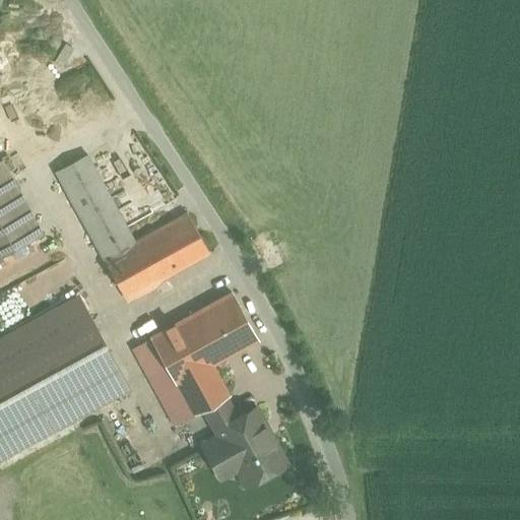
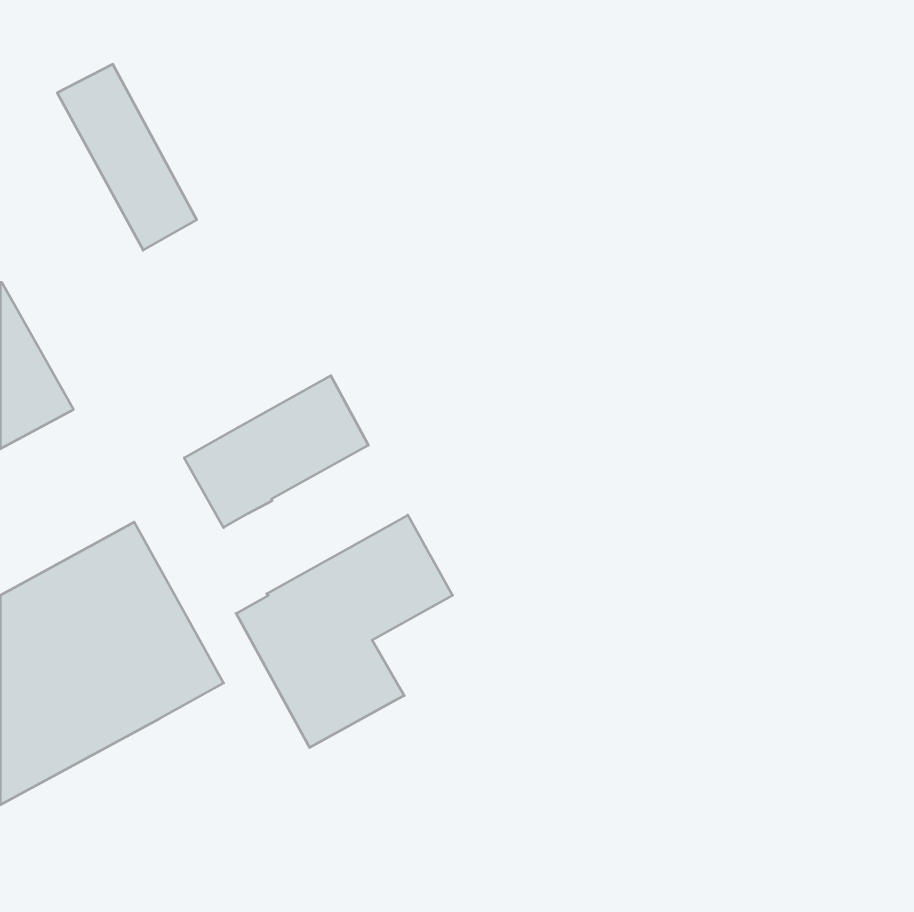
building: [56,155,135,261] -> [57,64,197,250]
building: [202,398,286,485] -> none

